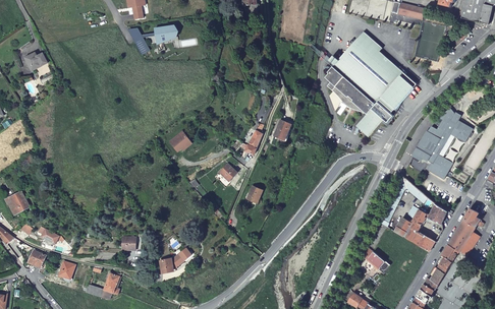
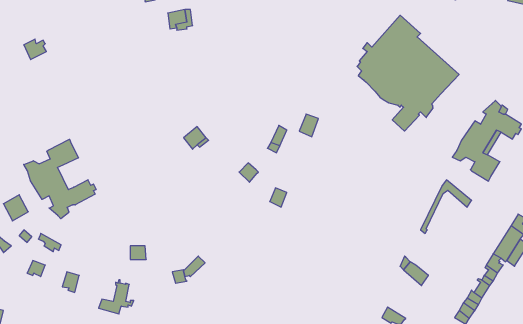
building: none -> [24,139,96,219]
building: [394,204,446,252] -> none

